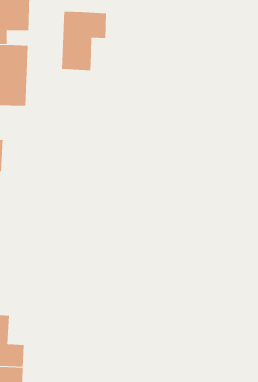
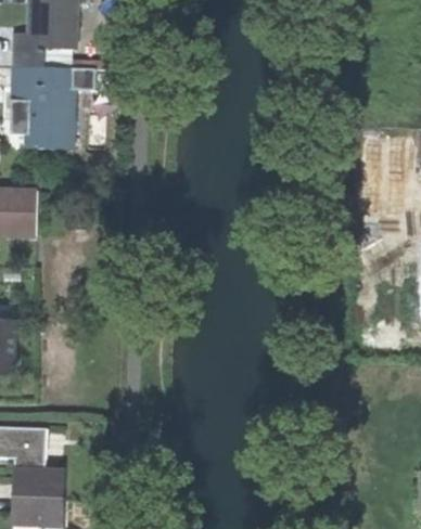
building: [61,11,106,71] -> none

